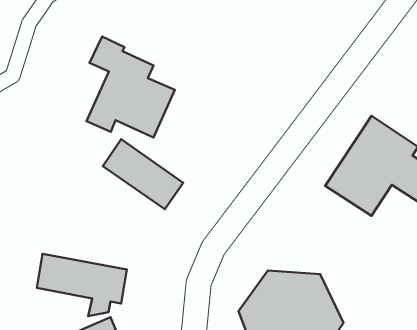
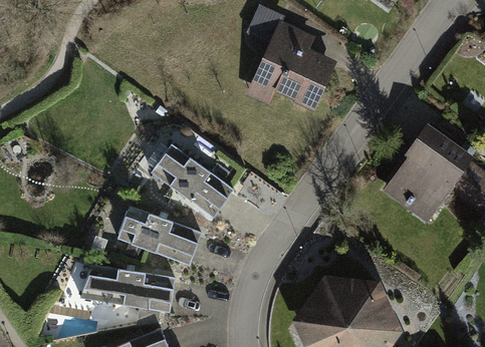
building: [87,36,175,138] -> [245,6,336,110]
building: none -> [116,207,201,266]

